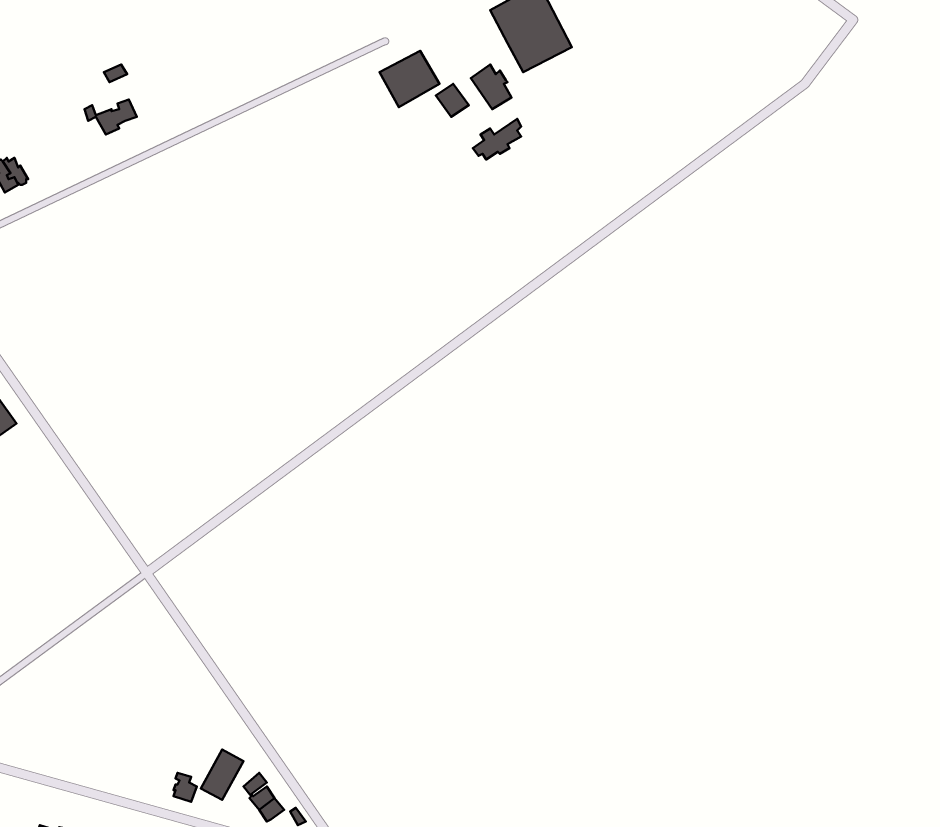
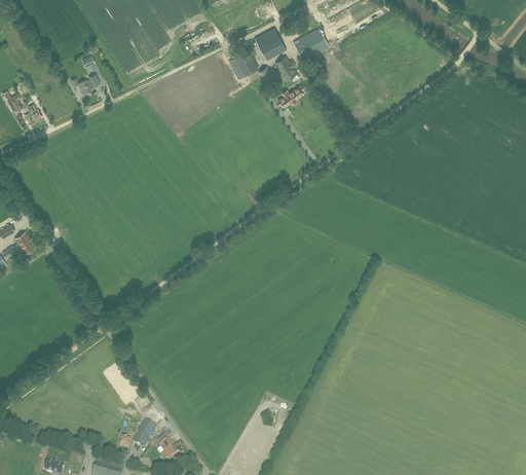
building: none -> [256,27,287,60]

